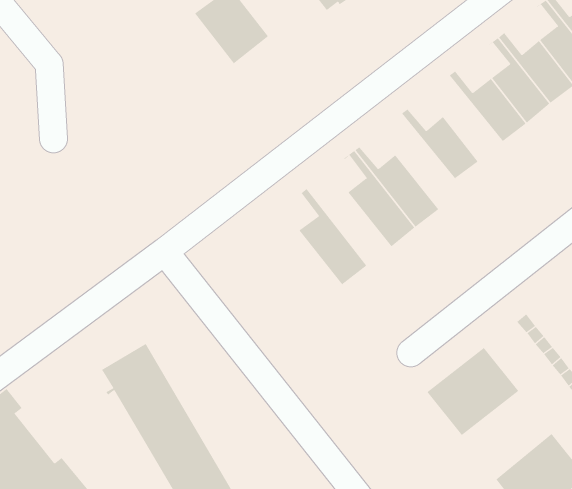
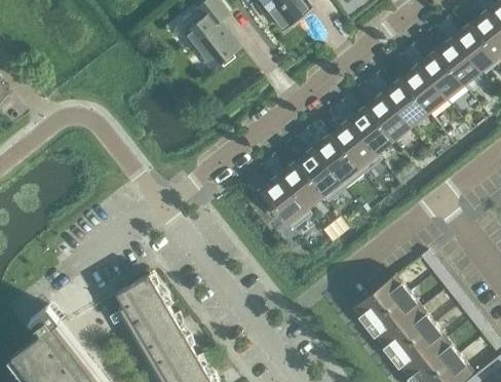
building: none -> [361,79,408,142]
building: none -> [326,107,379,177]
building: none -> [265,155,326,218]
building: none -> [378,309,444,374]

